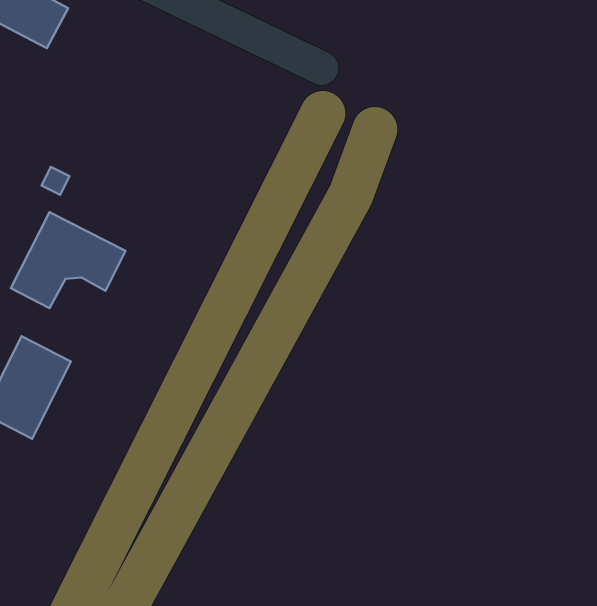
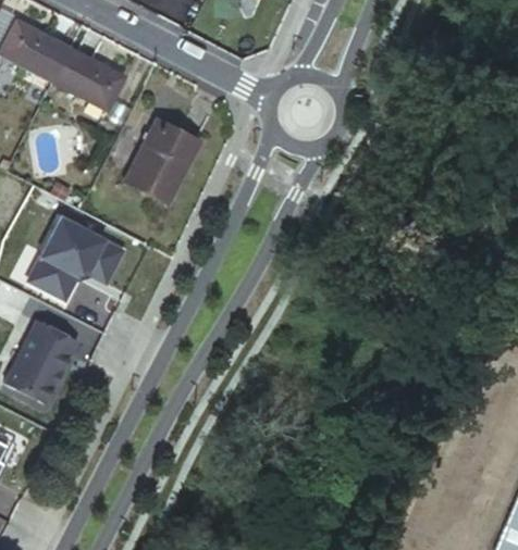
building: none -> [56,50,125,110]
building: none -> [130,121,204,202]

